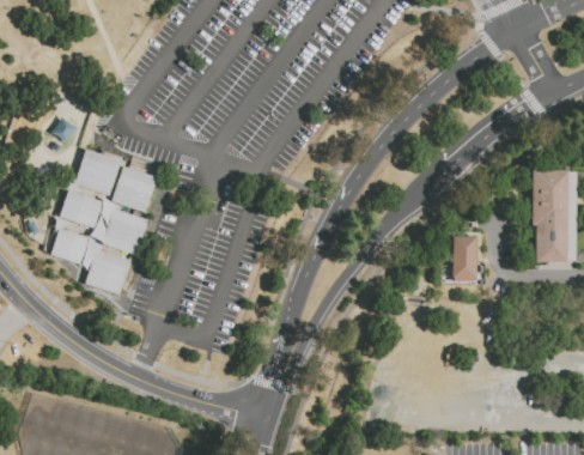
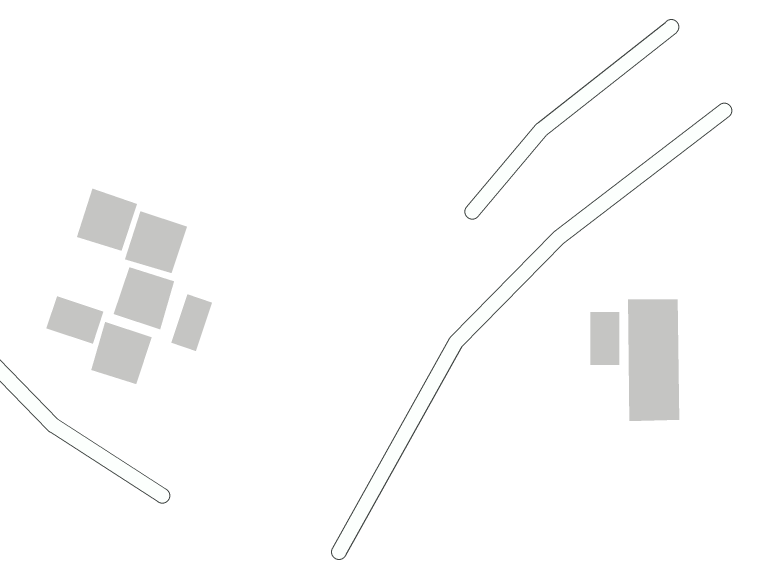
building: [531,172,571,265] -> [627,298,680,422]
building: [59,188,103,225] -> none
building: none -> [170,293,213,352]

